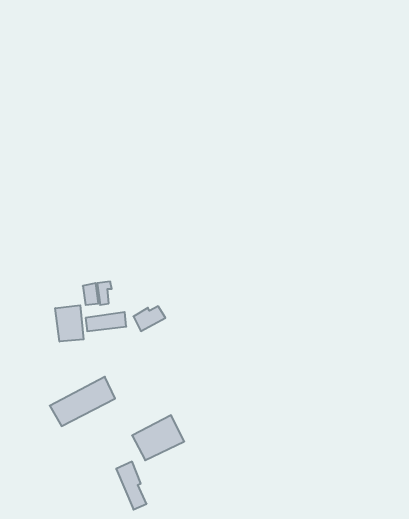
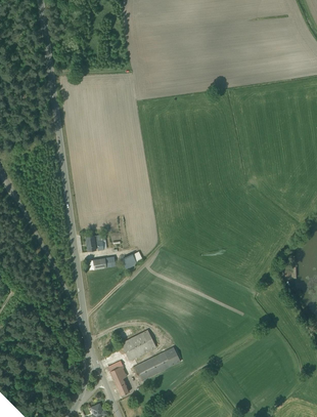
building: [55,305,84,342] -> none
building: [50,377,115,426] -> [133,347,179,382]

